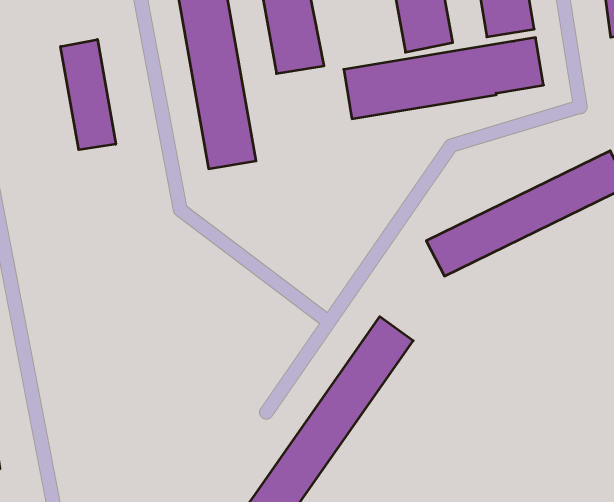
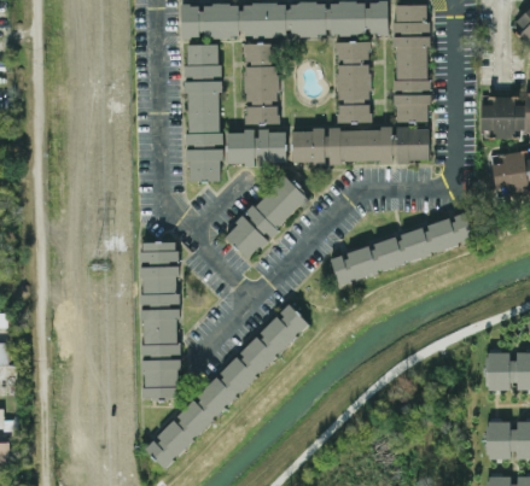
building: [61,39,116,150] -> none
building: none -> [227,130,286,164]
building: none -> [225,175,308,259]
building: none -> [139,240,181,398]

